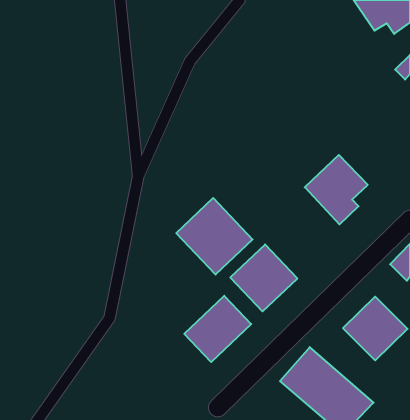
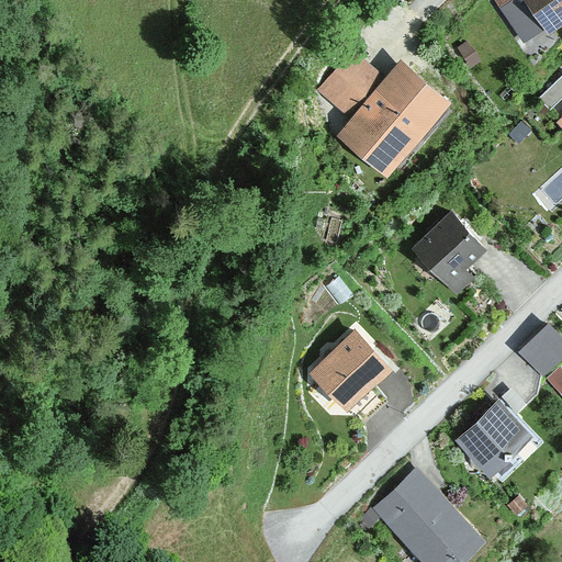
building: none -> [333,59,456,178]
building: [176,198,253,275] -> none
building: [184,296,251,362] -> none

